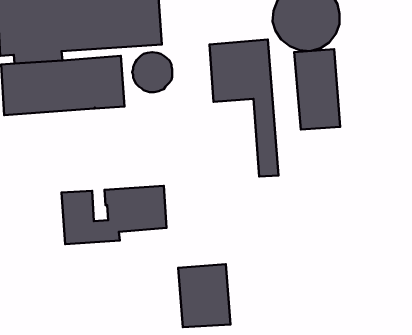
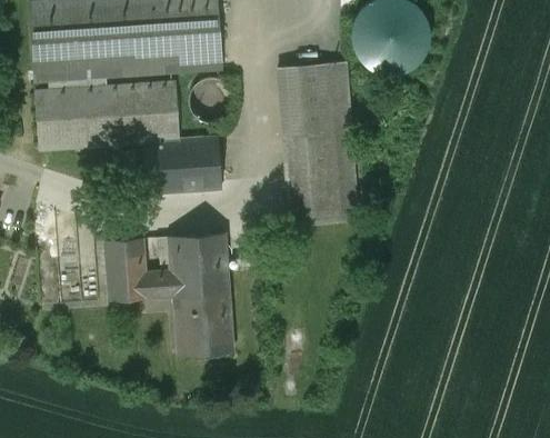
building: [294,49,340,130] -> [282,131,336,225]
building: none -> [143,138,222,195]
building: [178,264,231,327] -> [172,281,233,355]

